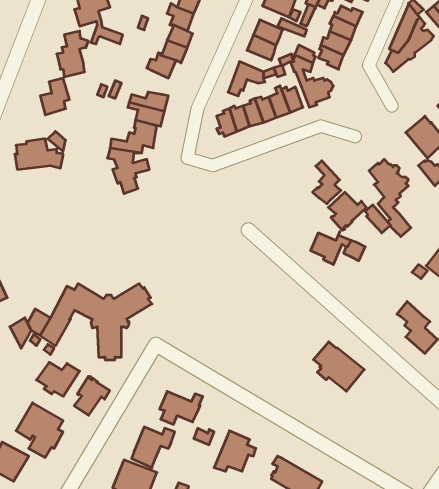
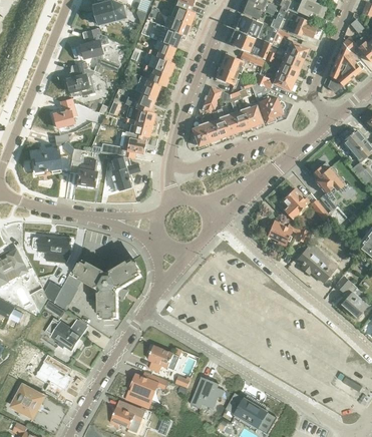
building: none -> [124,89,154,111]
building: none -> [69,159,98,185]
building: [313,161,341,204] -> none
building: none -> [32,237,70,255]
building: [313,342,364,391] -> [298,243,338,282]
building: [74,376,110,415] -> none

